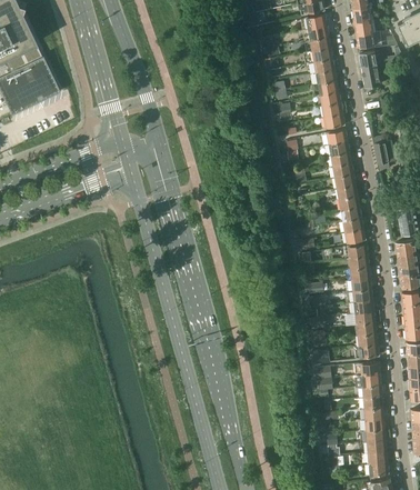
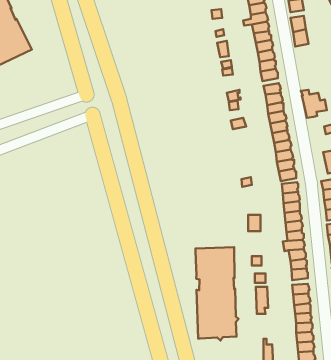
building: none -> [196,247,239,341]

